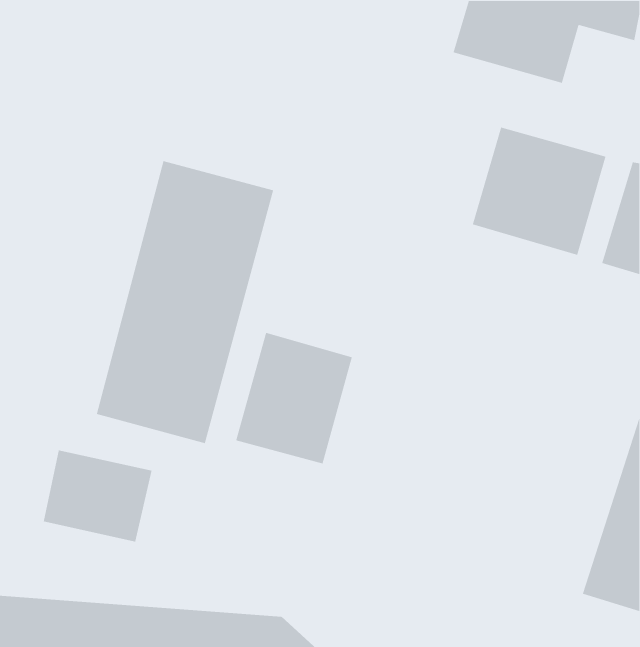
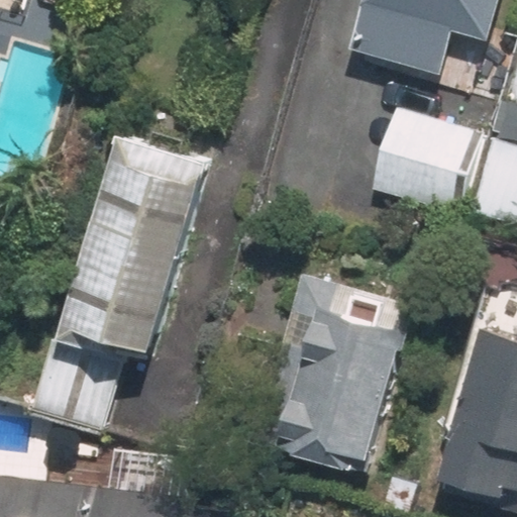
building: [235,332,353,465] -> none
building: none -> [265,276,417,472]

